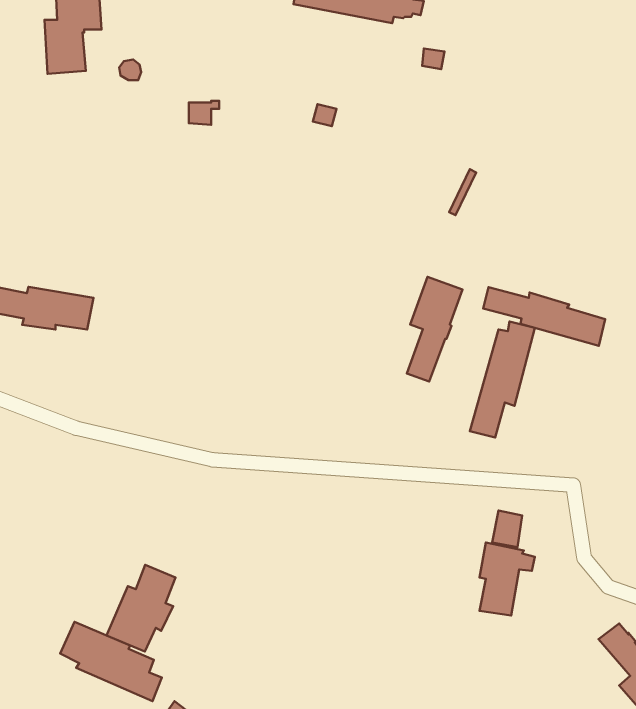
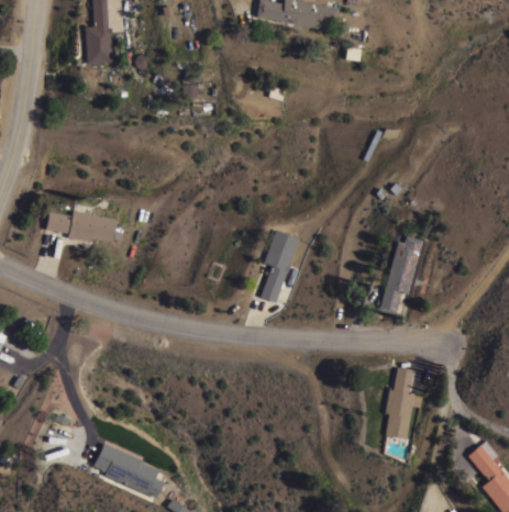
building: [407,277,462,382] -> [261,230,299,302]
building: [483,287,605,346] -> none
building: [106,565,176,651] -> none

